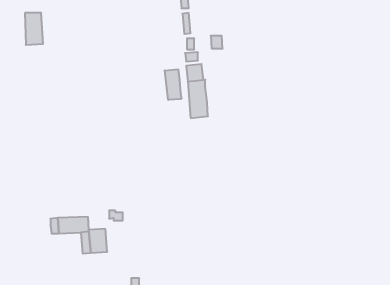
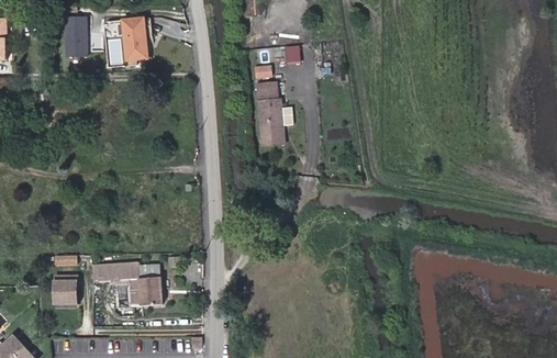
building: none -> [121,16,145,59]
building: [165,69,181,100] -> none
building: none -> [55,276,77,303]

